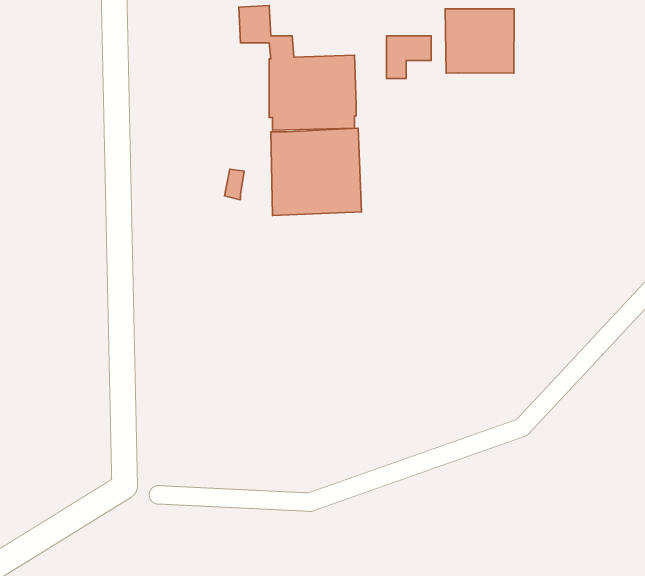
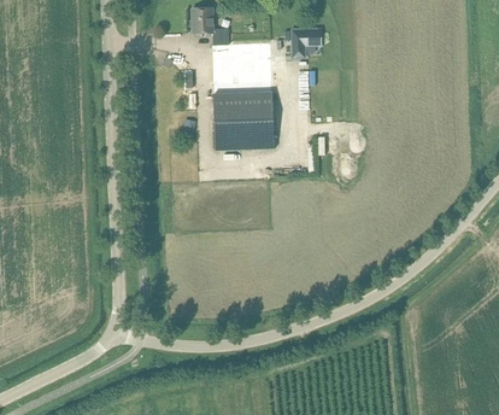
building: [445,9,514,73] -> none

